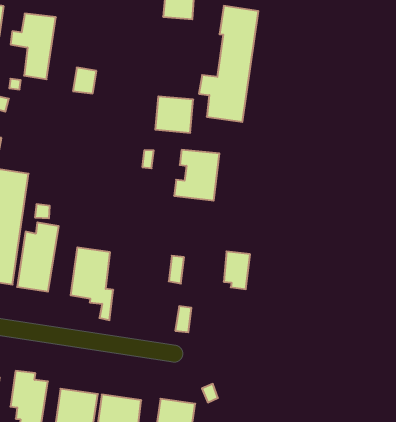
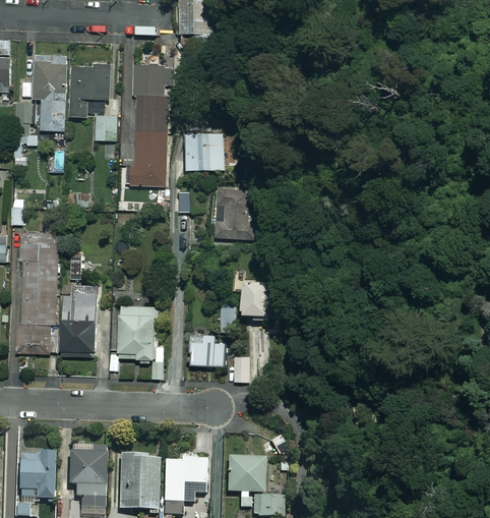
building: [199,6,258,122] -> [118,65,171,186]
building: none -> [69,66,109,116]
building: [224,251,250,289] -> [242,282,267,320]
building: none -> [189,335,227,366]

